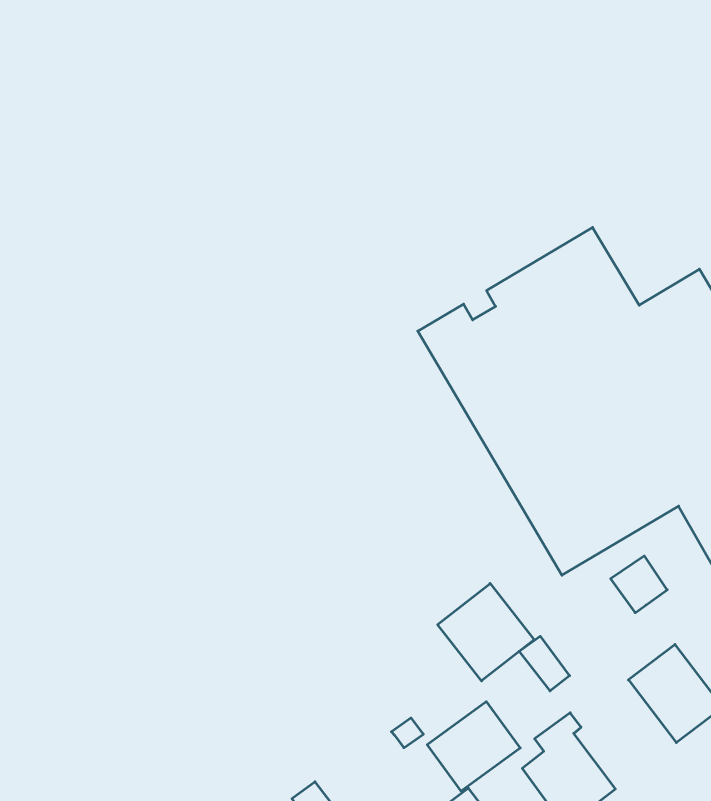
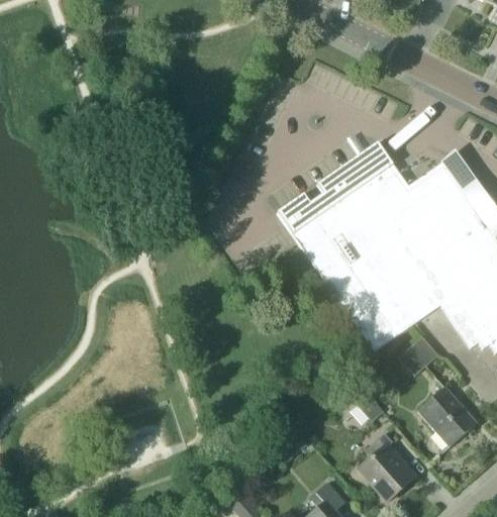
building: [438,583,534,681] -> none
building: [427,702,520,791] -> none

